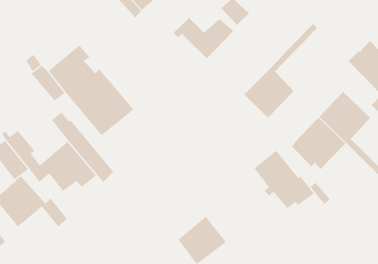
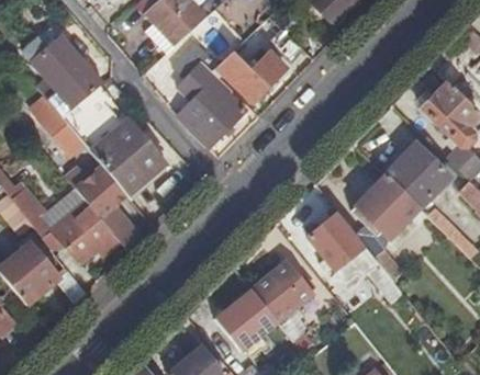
building: none -> [23,37,102,107]
building: none -> [172,43,246,147]
building: [244,23,318,118] -> none
building: none -> [252,263,312,322]

